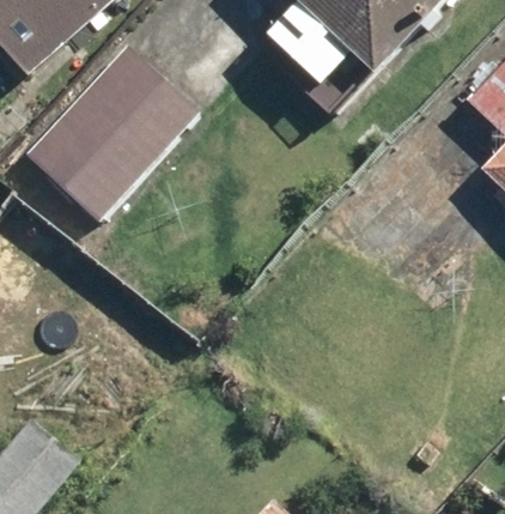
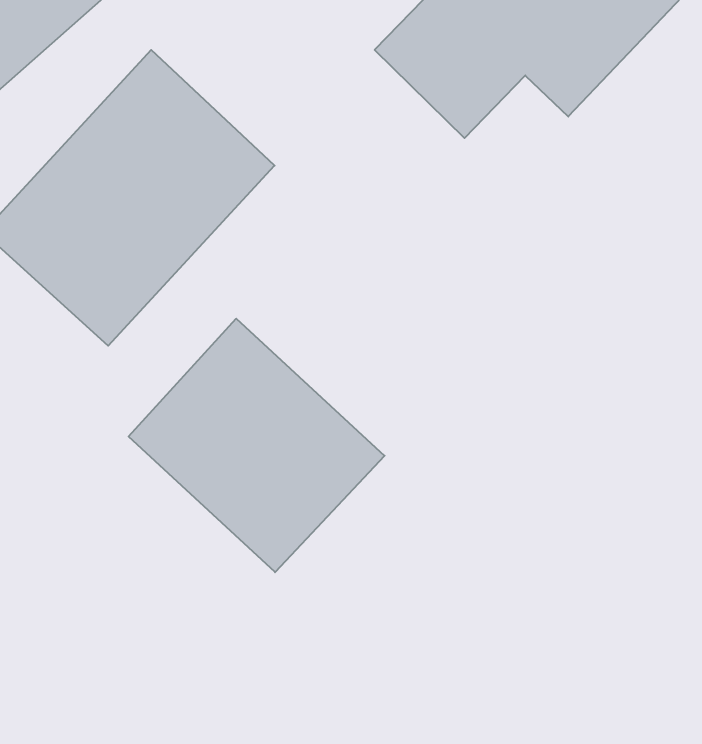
building: none -> [129,319,385,572]

